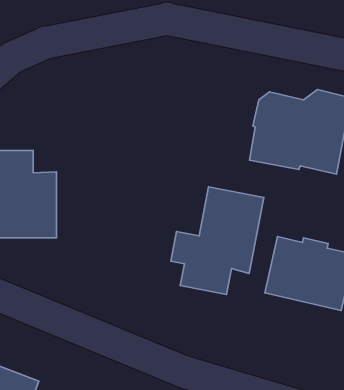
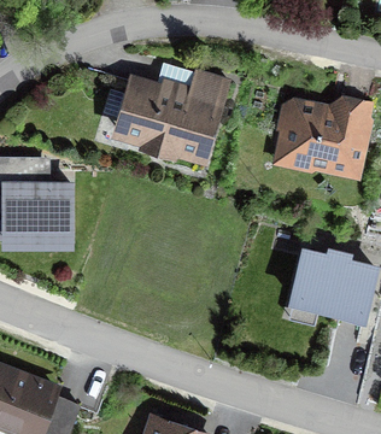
building: none -> [111,64,231,164]
building: [171,187,264,294] -> none

